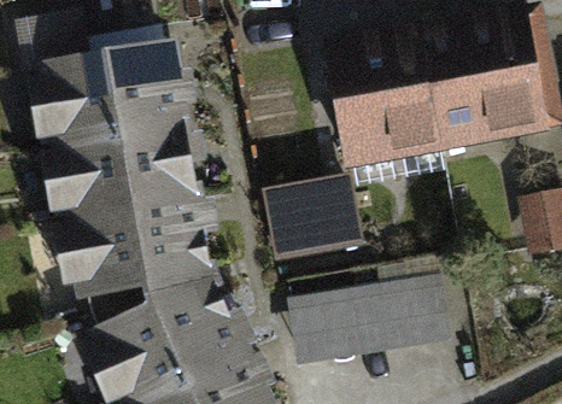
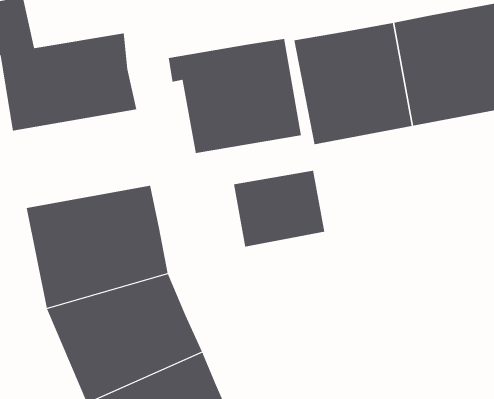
building: none -> [168,38,302,154]
building: [59,124,192,218] -> none
building: [286,276,452,368] -> none

